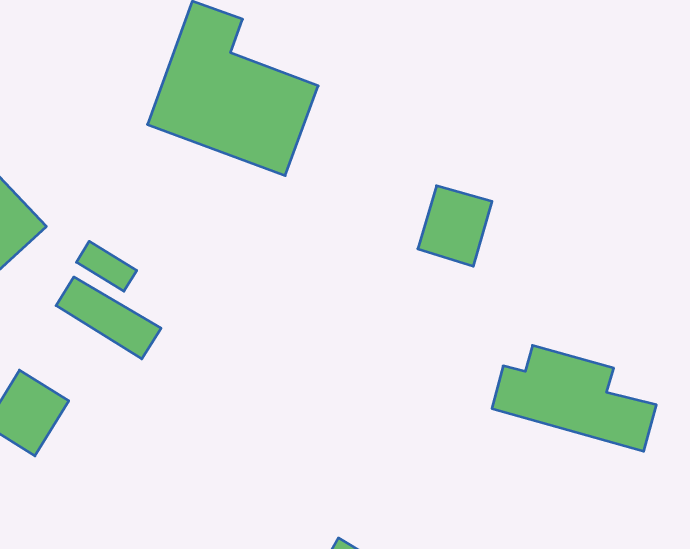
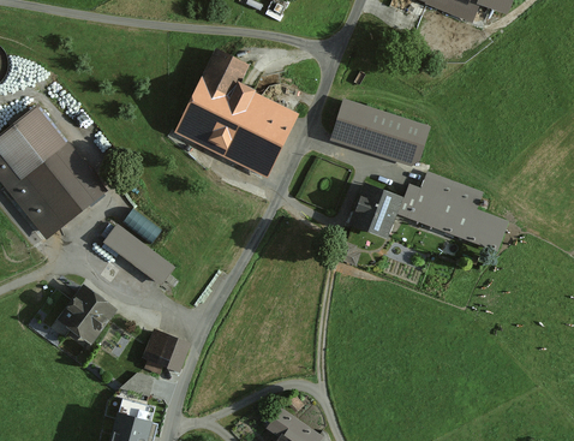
building: none -> [331,102,427,165]
building: [492,345,656,451] -> [400,173,509,249]
building: none -> [144,329,189,370]

